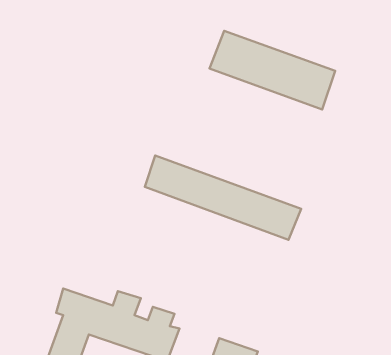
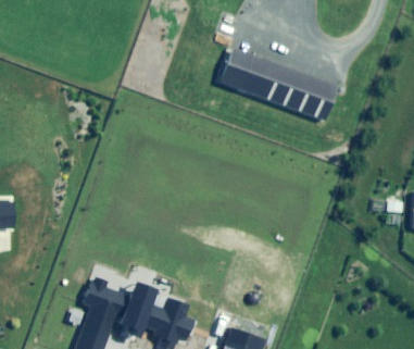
building: [145,155,301,240] -> none

